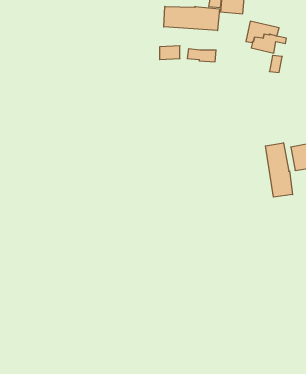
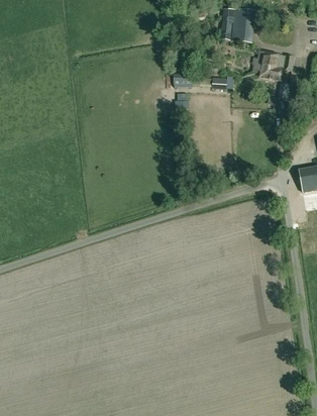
building: [164,6,219,31] -> none
building: [265,143,293,197] -> none

